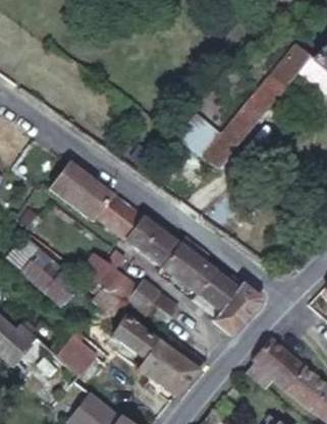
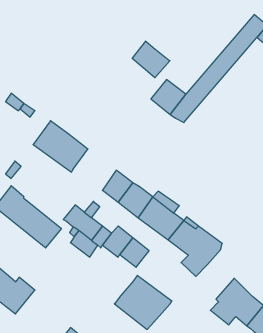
building: none -> [132,41,170,78]
building: [95,194,143,240] -> none
building: [118,316,162,357] -> none
building: [56,329,99,372] -> none

